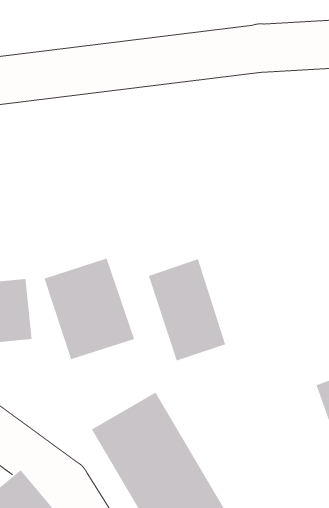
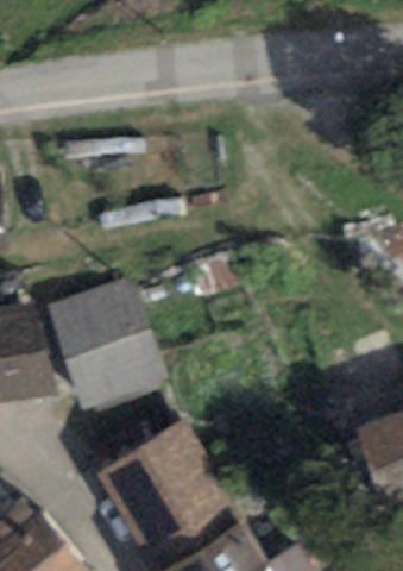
building: [148,258,226,362] -> none

